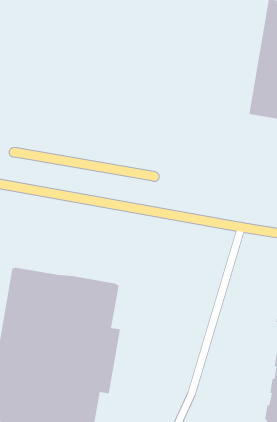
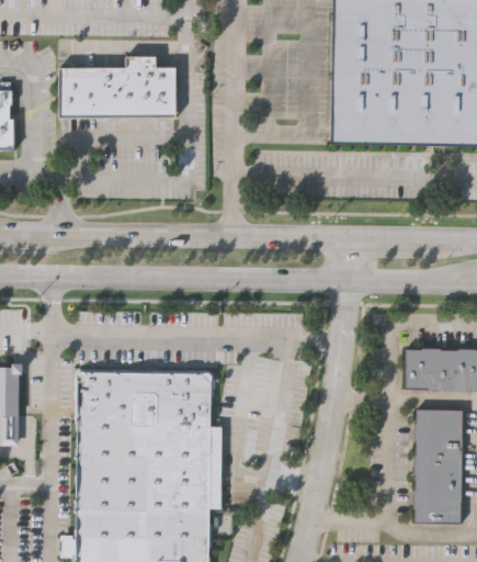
building: none -> [56,55,173,116]

